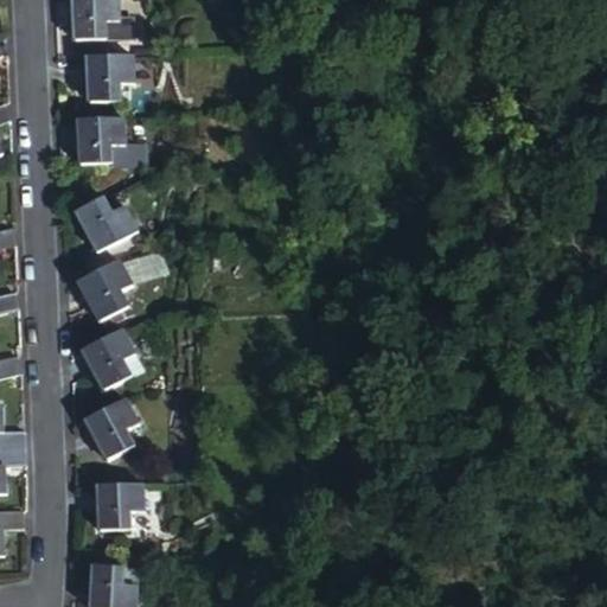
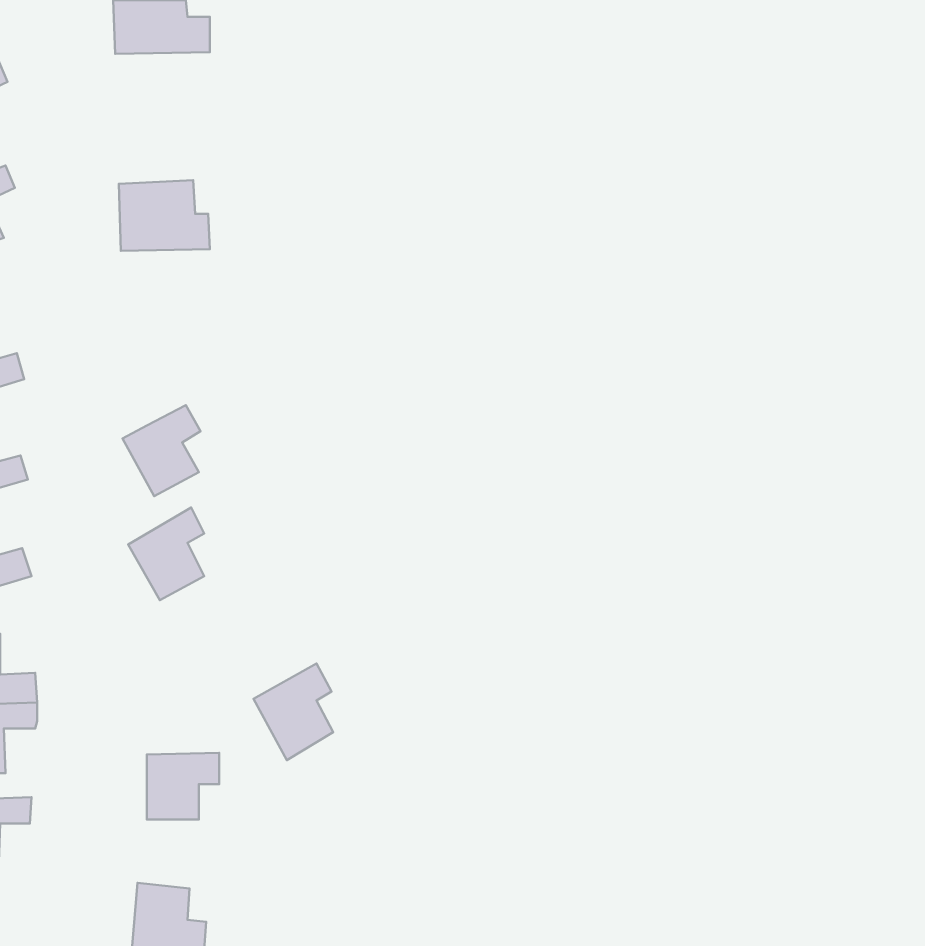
building: [87,56,133,100] -> none
building: [77,198,138,274] -> none
building: [83,396,134,458] -> [253,663,333,760]

